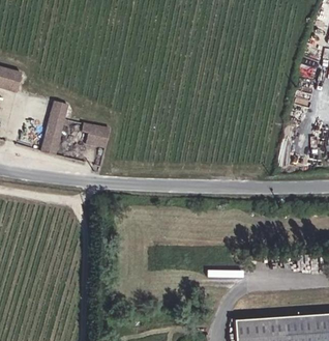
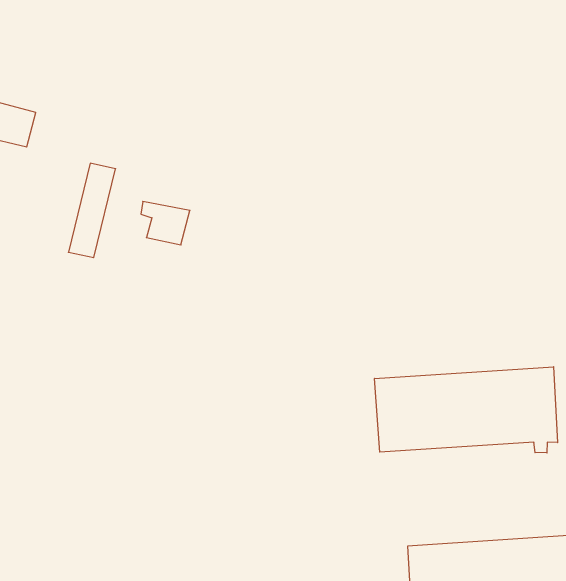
building: none -> [375,367,558,453]

